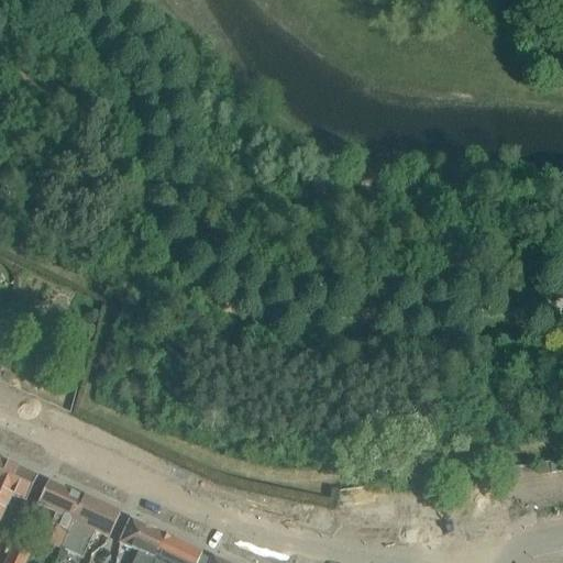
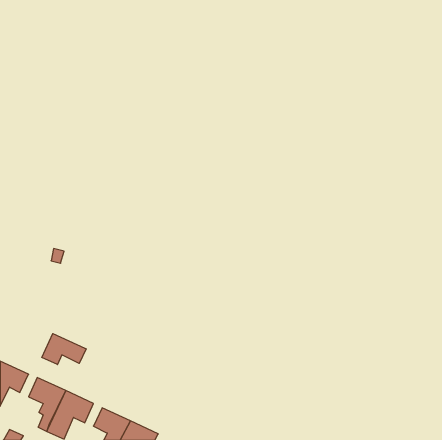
building: none -> [42,334,86,365]

